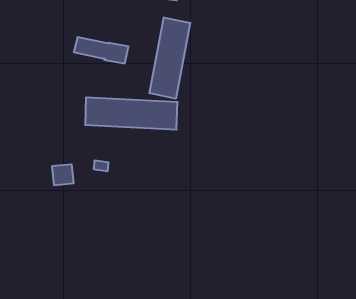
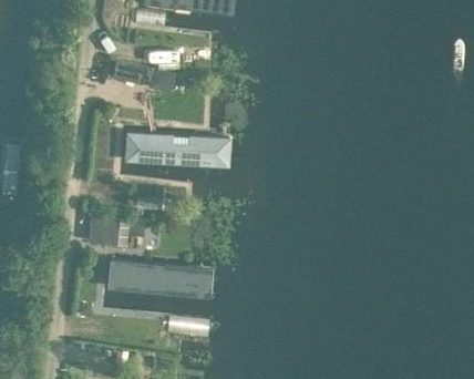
building: [149,17,190,99] -> none
building: none -> [107,259,213,299]

